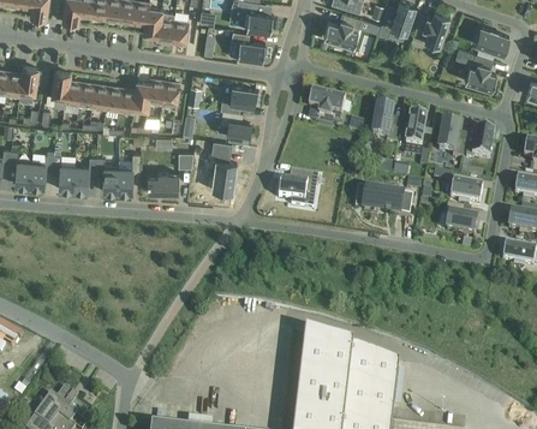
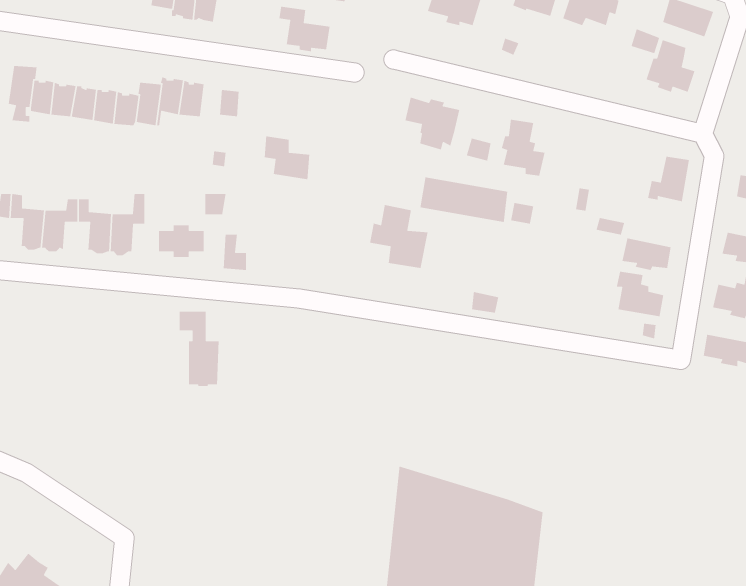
building: [217,89,251,115] -> none
building: [402,113,425,147] -> none
building: [436,121,465,157] -> none
building: [210,147,237,196] -> [179,311,220,387]
building: [354,186,412,216] -> [419,176,508,223]

